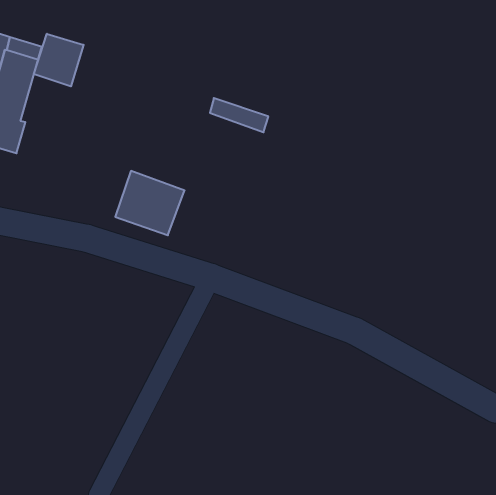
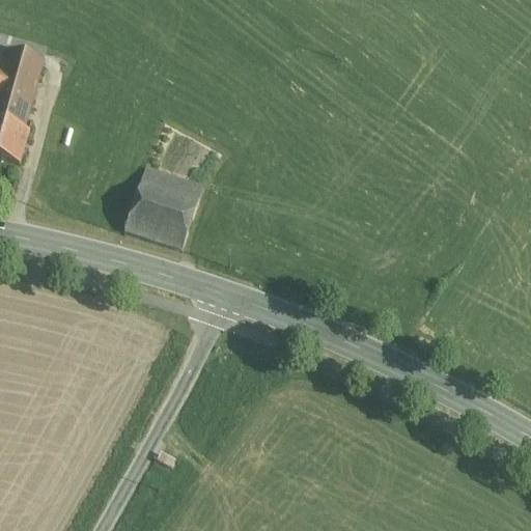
building: [34,34,84,86] -> none
building: [210,98,268,132] -> [139,166,201,202]

